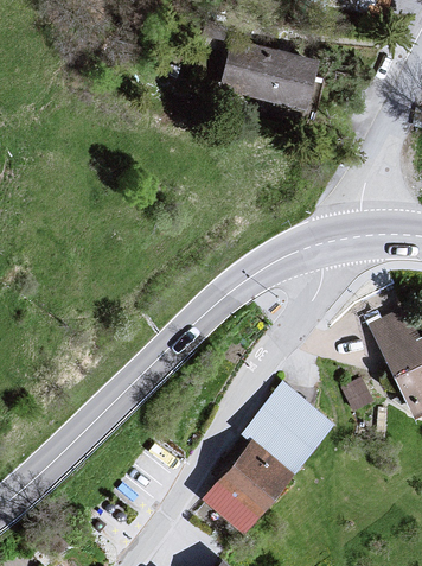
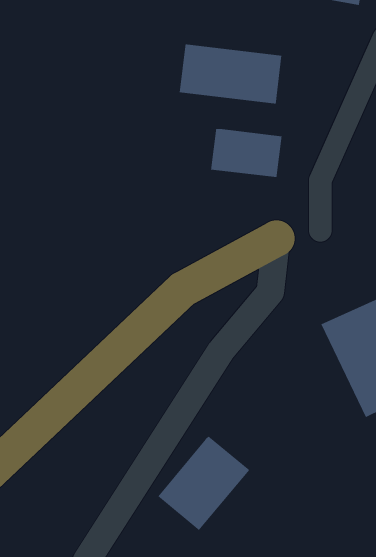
building: none -> [210,128,282,178]
building: [241,379,335,472] -> none

